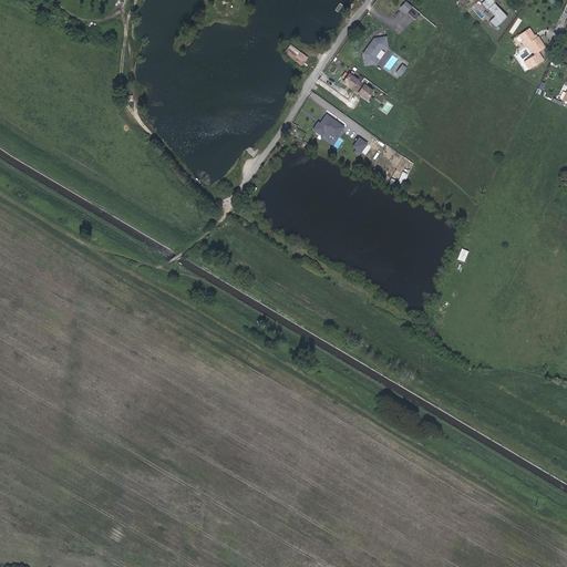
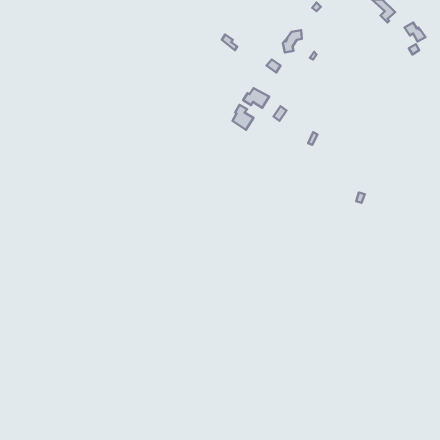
building: none -> [233,105,253,130]

